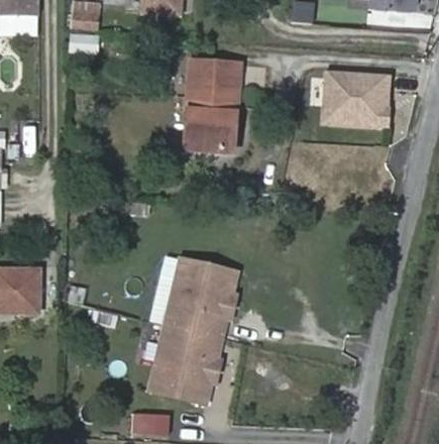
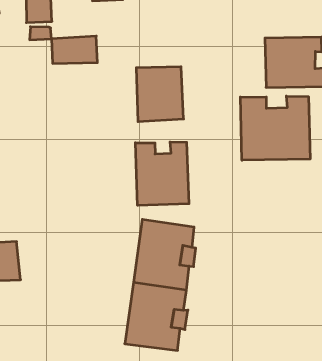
building: [188,62,238,92] -> [52,36,97,63]
building: none -> [240,96,310,160]
building: none -> [135,142,189,205]

